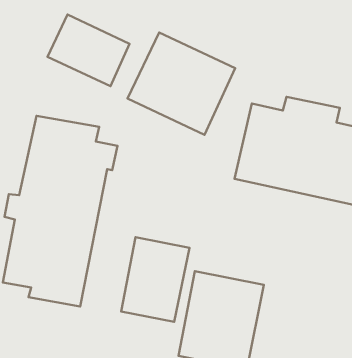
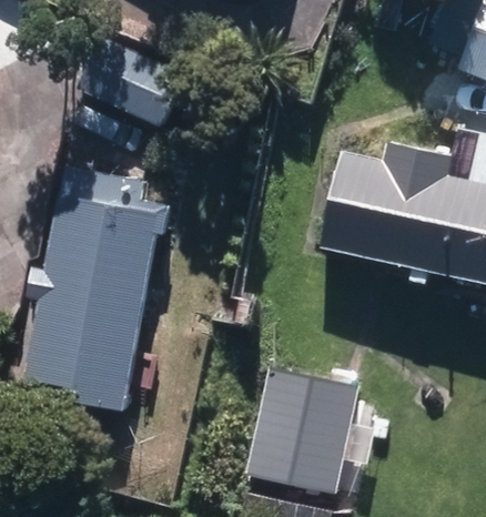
building: [127,33,235,135] -> none
building: [121,237,189,322] -> none

